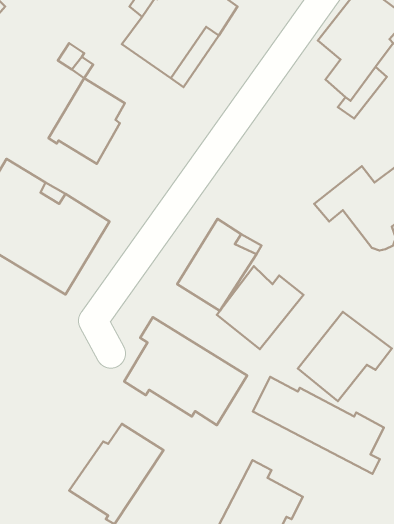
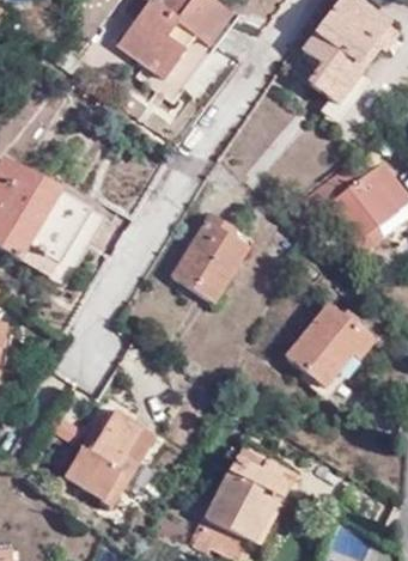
building: [49,78,125,164] -> none
building: [217,266,303,349] -> none
building: [124,317,247,425] -> none
building: [253,377,384,474] -> none

